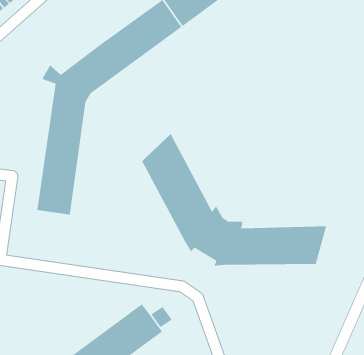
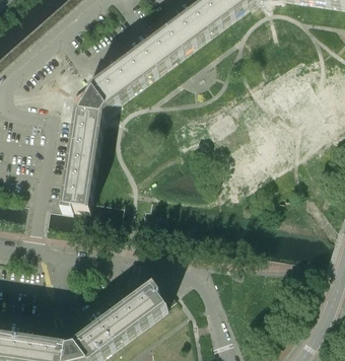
building: [141,133,327,266] -> none

